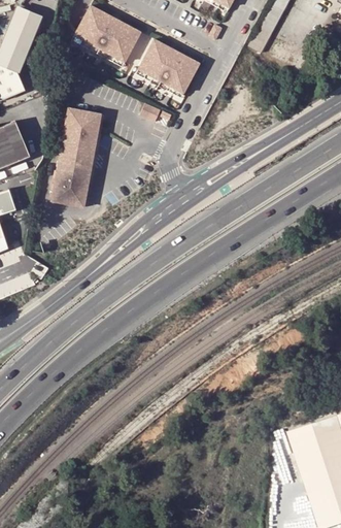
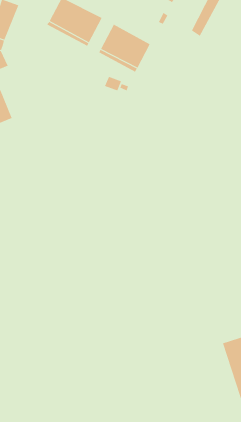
building: [52,107,102,206] -> none

